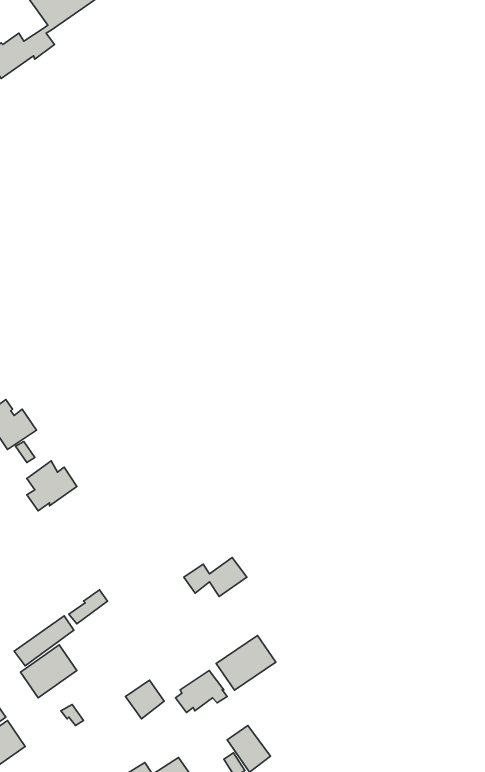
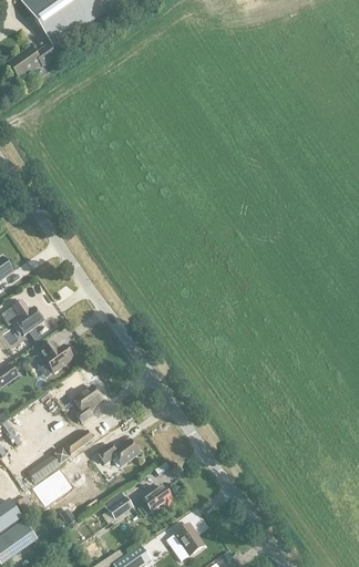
building: none -> [73,385,102,422]
building: [184,558,247,596] -> [96,439,140,465]
building: [216,636,276,690] -> none

